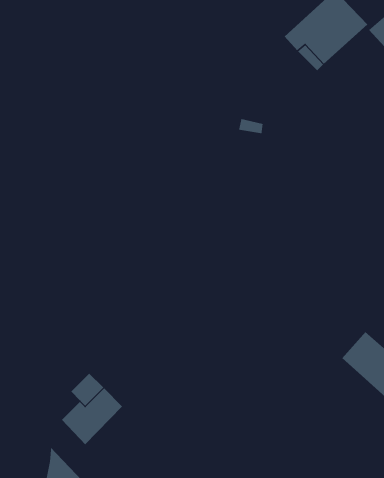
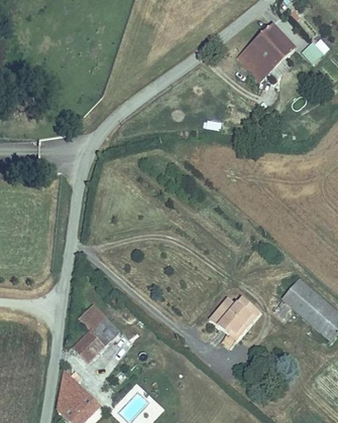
building: none -> [209,298,258,340]

